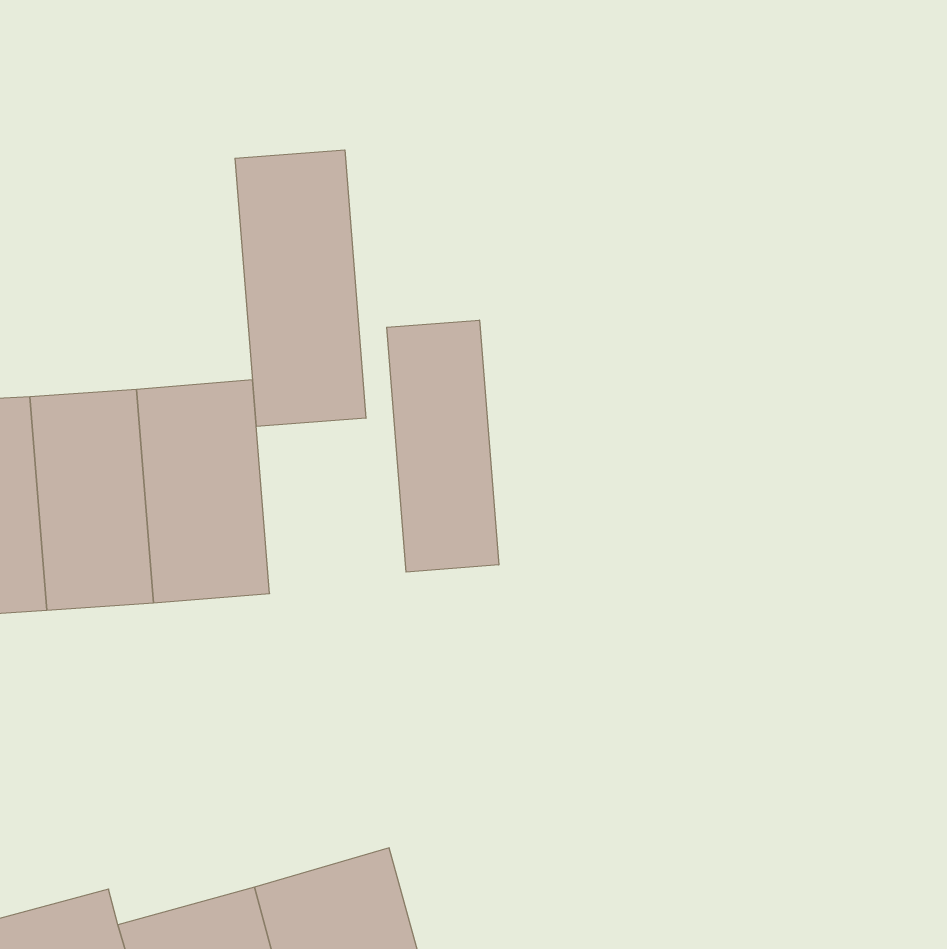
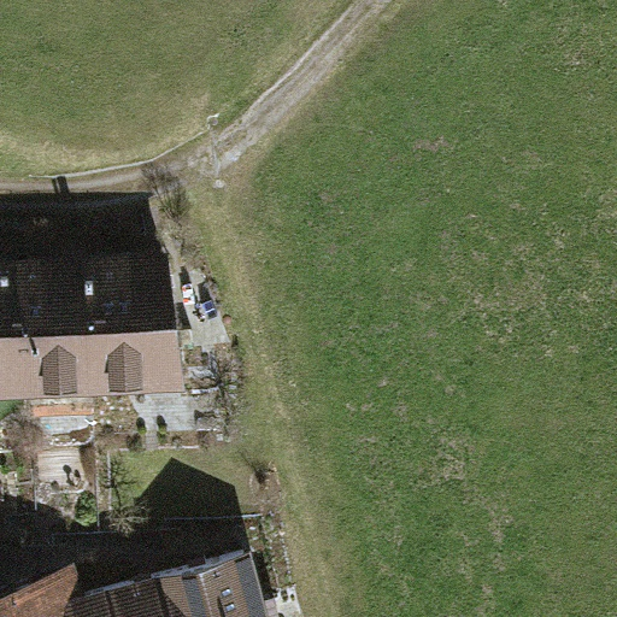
building: [235,150,366,427] -> none
building: [387,320,499,572] -> none

